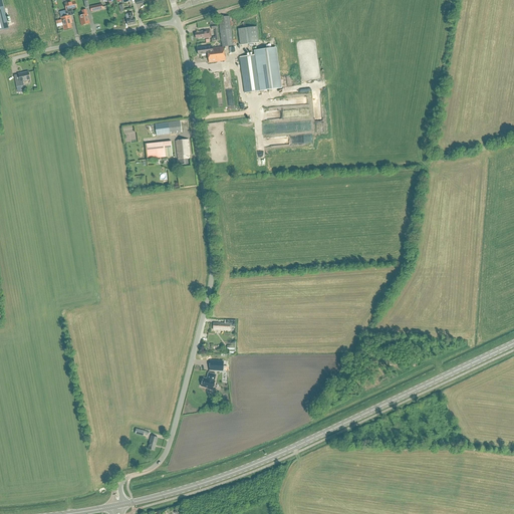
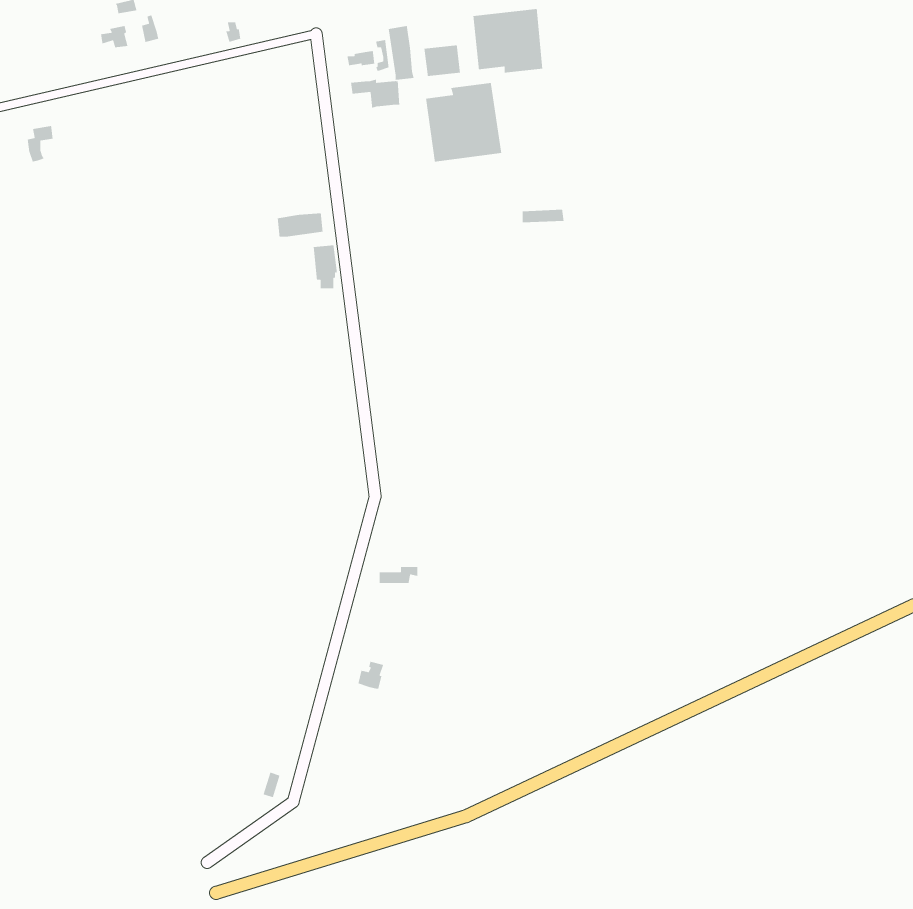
building: none -> [472,8,543,74]
building: [146,140,173,158] -> none

